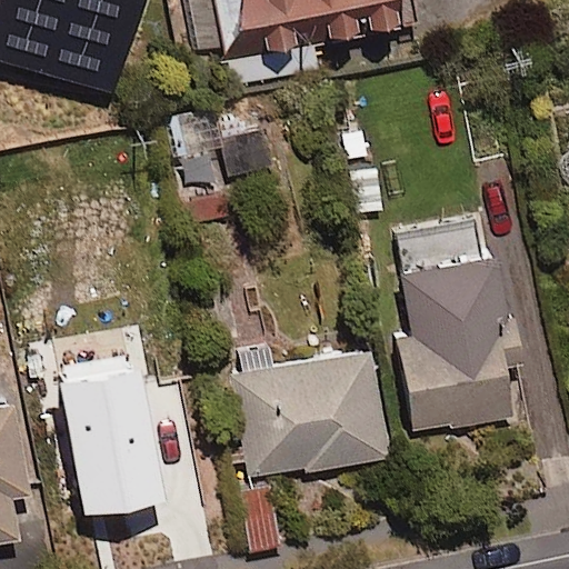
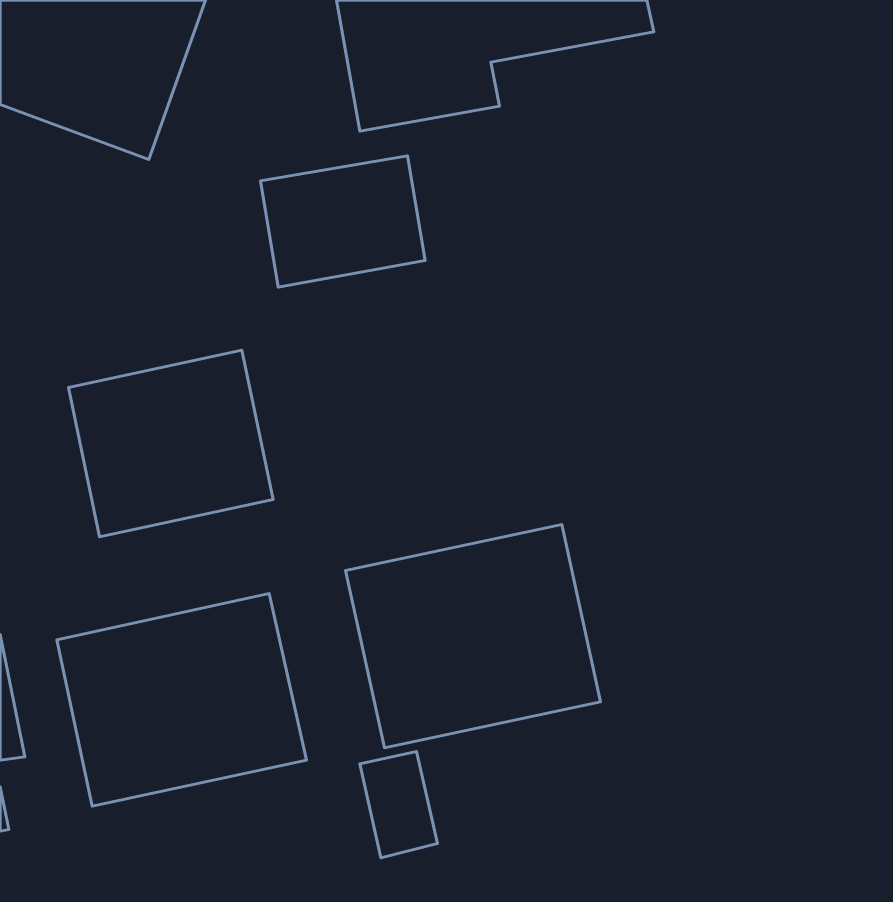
building: none -> [68,350,273,537]
building: [395,236,522,422] -> none

